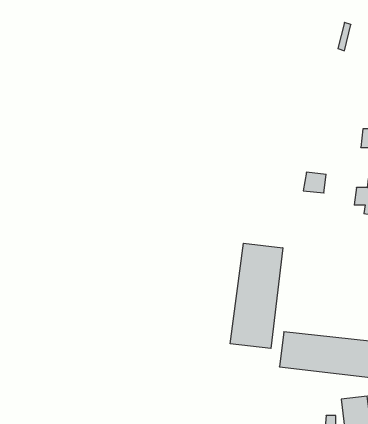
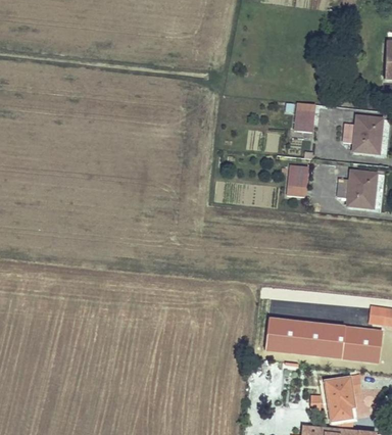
building: none -> [296,108,316,131]
building: [230,243,283,348] -> none

